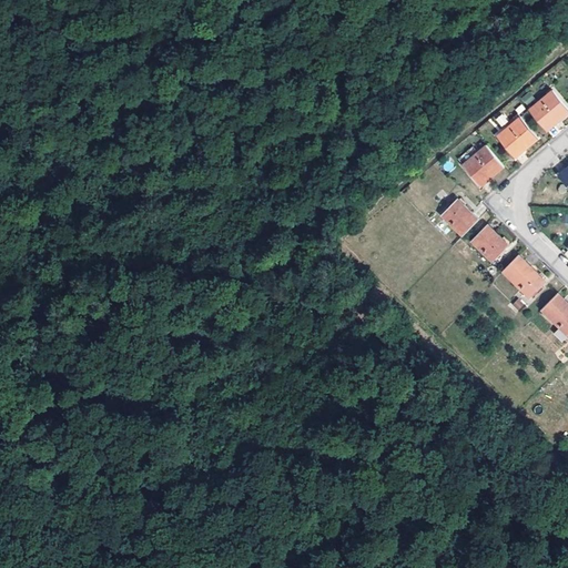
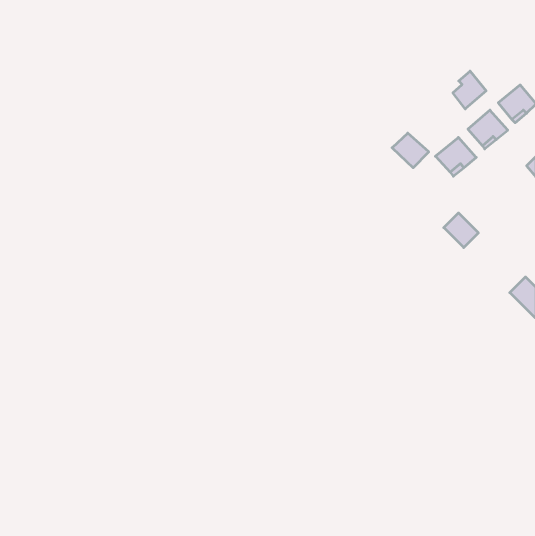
building: none -> [453,71,486,109]
building: [440,199,479,235] -> [392,133,429,168]
building: [503,255,544,297] -> none

